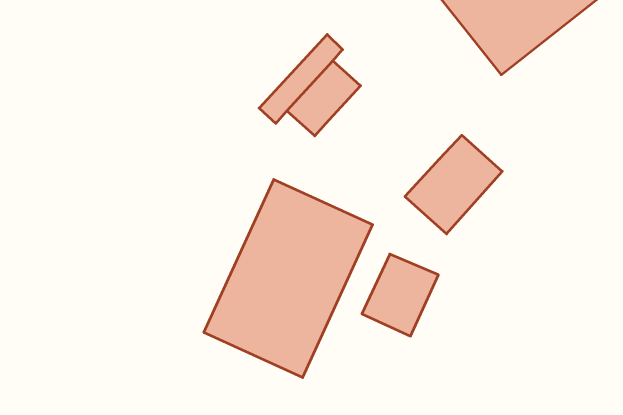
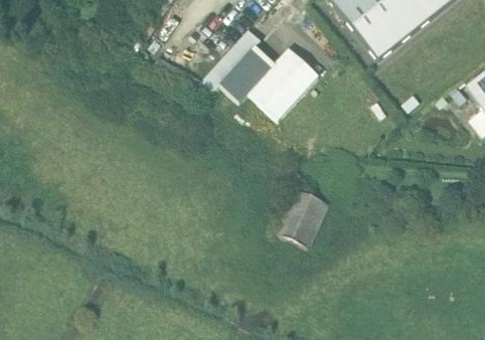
building: [405,135,502,234] -> [250,49,320,121]
building: [204,179,373,378] -> none

